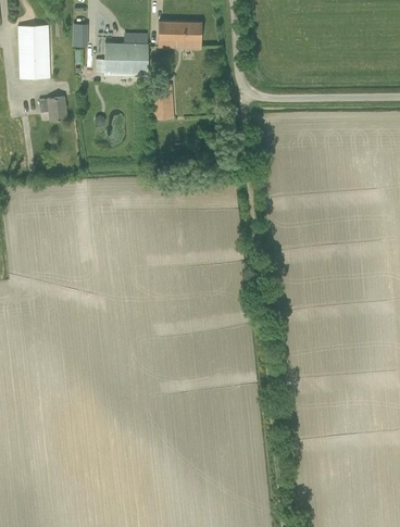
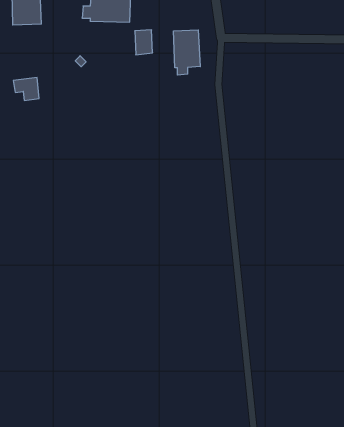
building: none -> [174,30,200,75]
building: [38,96,66,121] -> [13,78,39,100]

